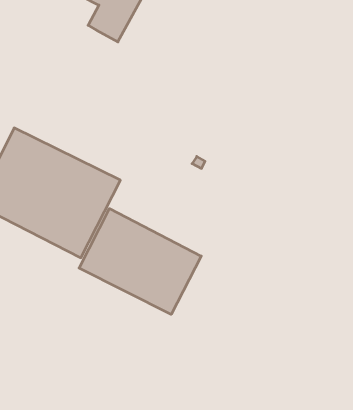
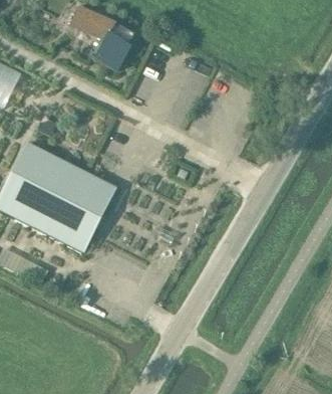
building: [79,209,201,314] -> none

